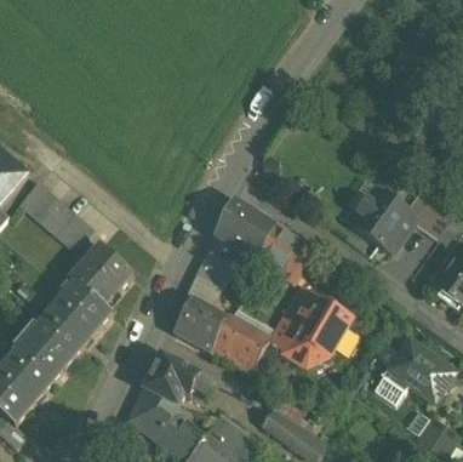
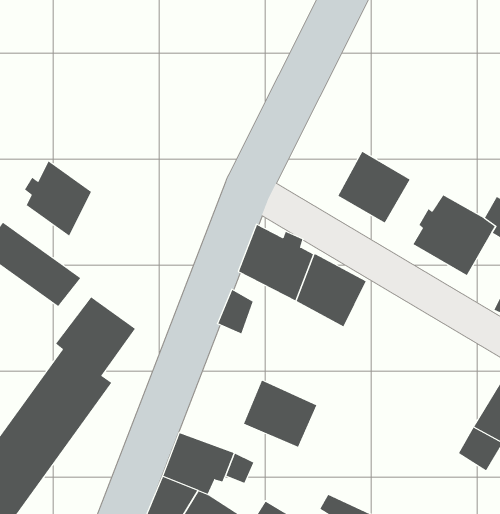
building: none -> [24,161,92,236]
building: none -> [338,151,410,223]
building: [284,284,351,366] -> none
building: [173,298,227,352] -> none

